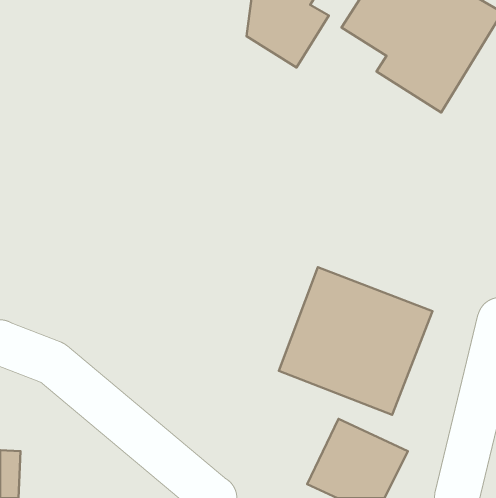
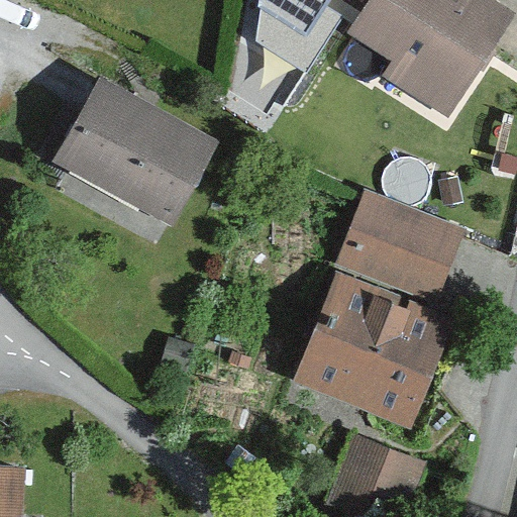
building: none -> [51,78,214,224]
building: none -> [335,195,460,303]

